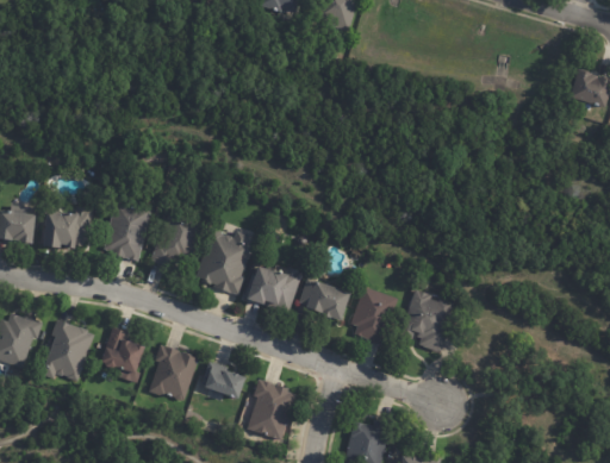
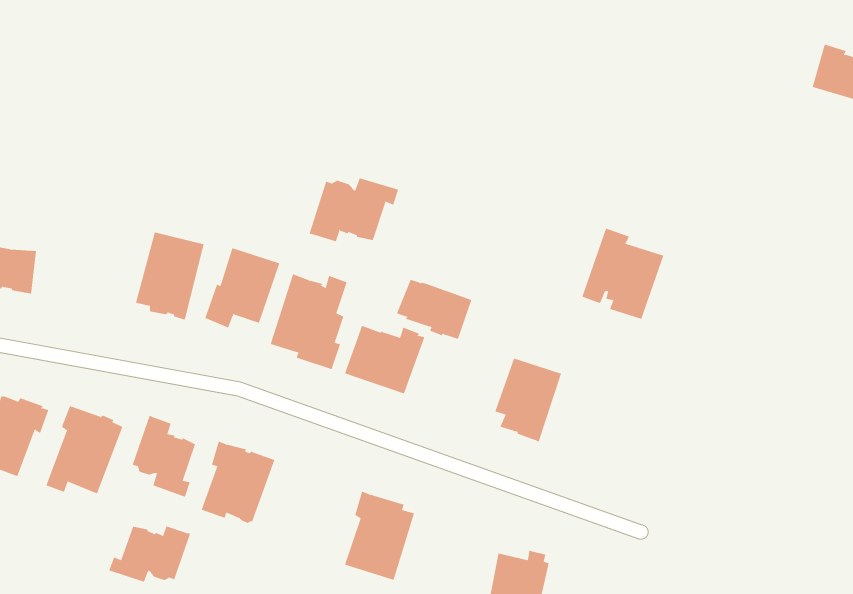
building: none -> [309,177,399,242]
building: [42,205,91,248] -> none
building: [298,279,350,320] -> [396,279,472,340]
building: [399,288,456,351] -> [581,228,664,319]
building: [203,362,245,398] -> none
building: none -> [109,526,191,582]

